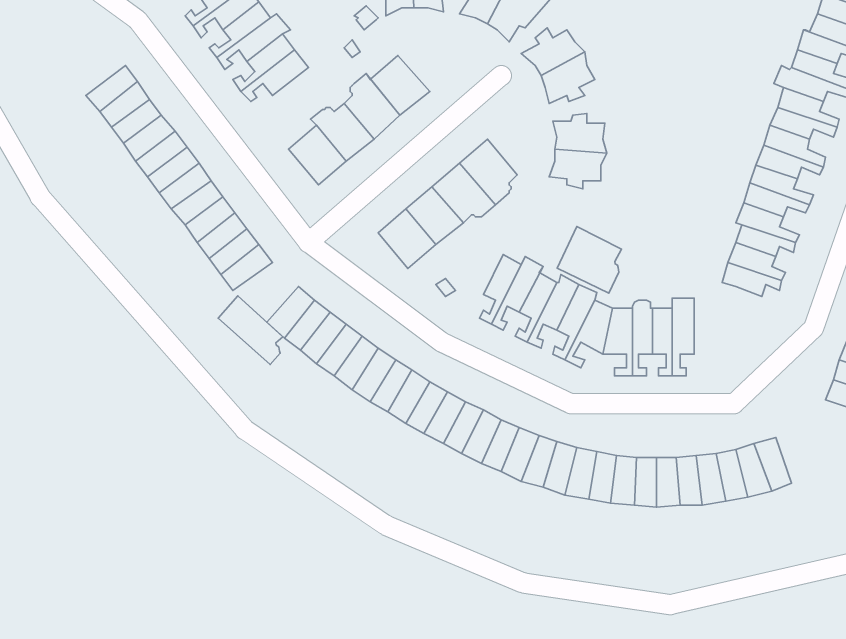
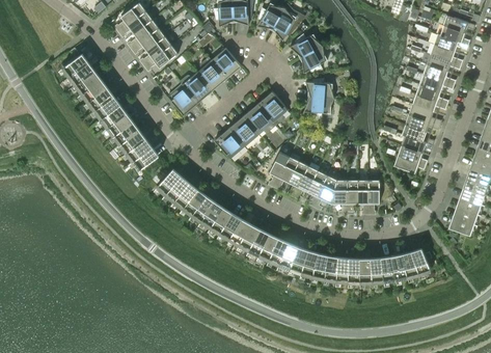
building: [557,226,622,293] -> none
building: [218,296,283,364] -> none

